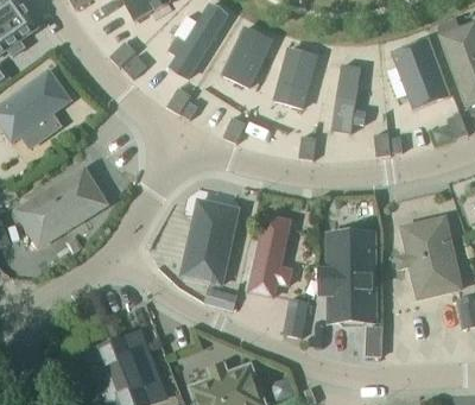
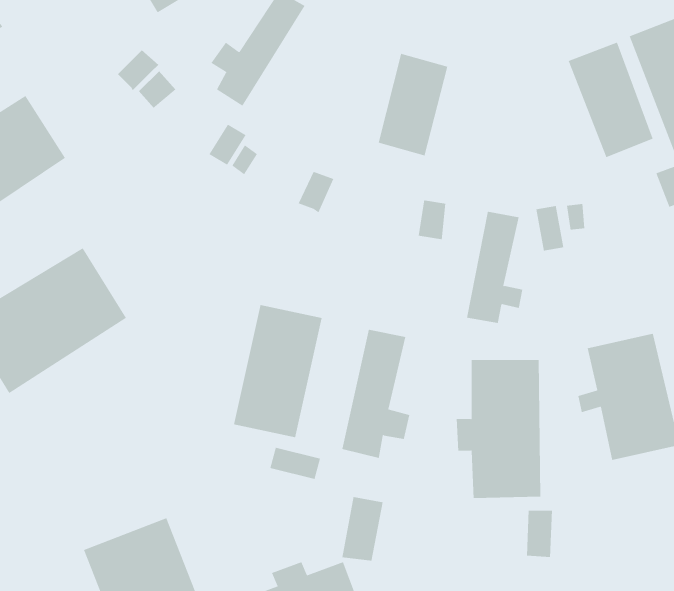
building: [222,27,271,87] -> none
building: [328,62,363,132] -> [466,211,523,324]
building: [283,298,309,338] -> [342,497,383,561]

